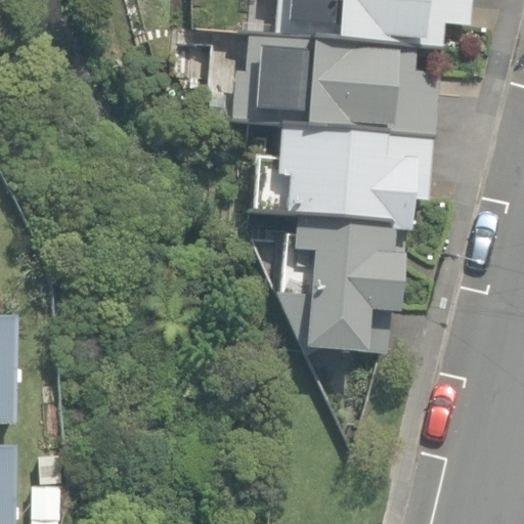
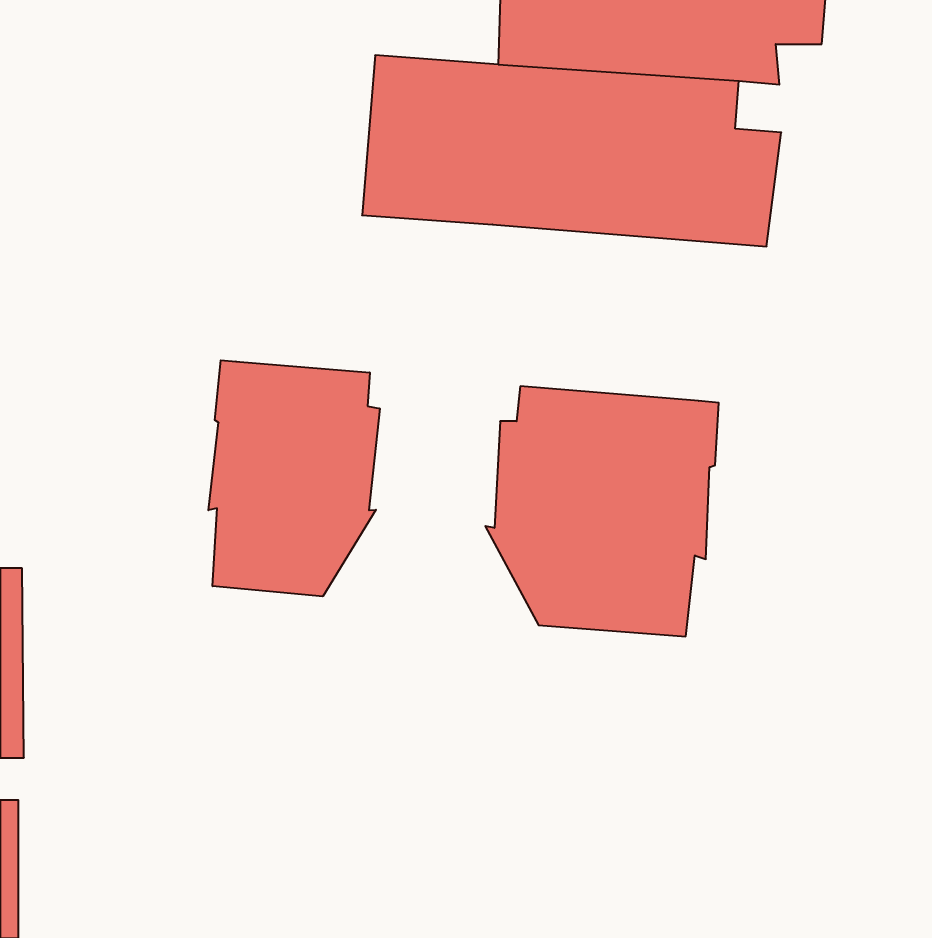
building: [252,125,431,224] -> none
building: none -> [208,360,380,596]

